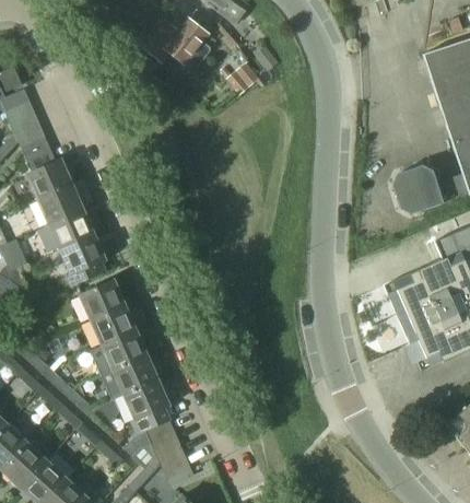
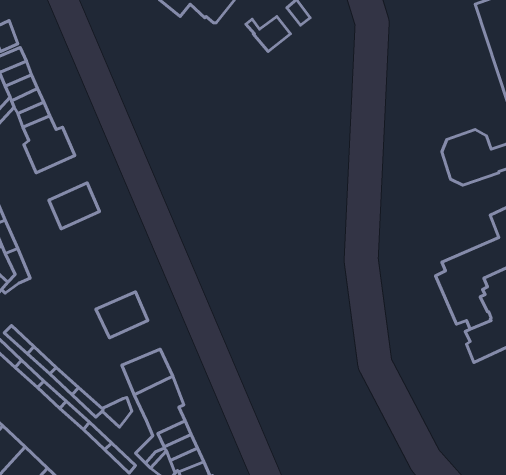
building: [36,186,81,225] -> none
building: [58,235,103,288] -> none
building: [78,280,124,321] -> none
building: [101,331,145,371] -> none

